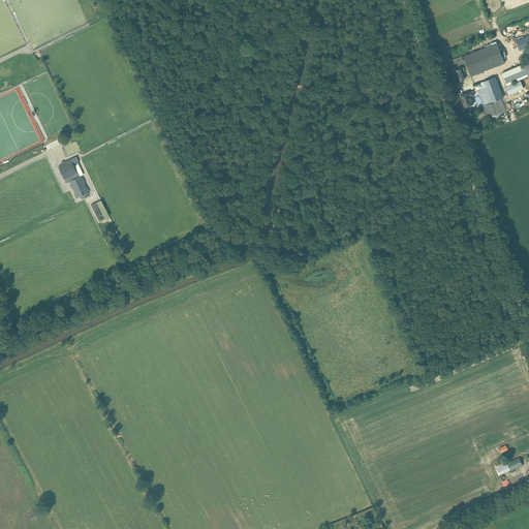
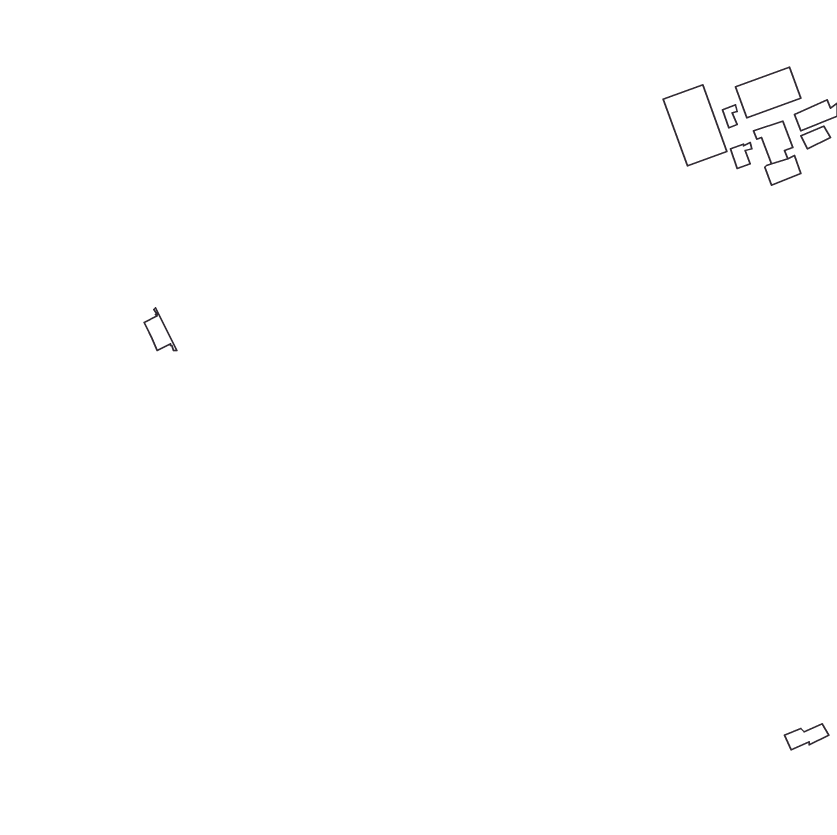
building: none -> [663,85,727,166]
building: [58,155,89,197] -> none

